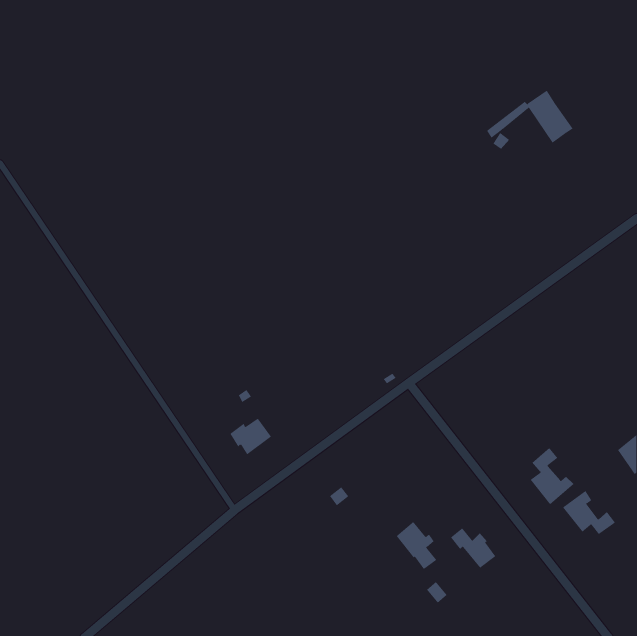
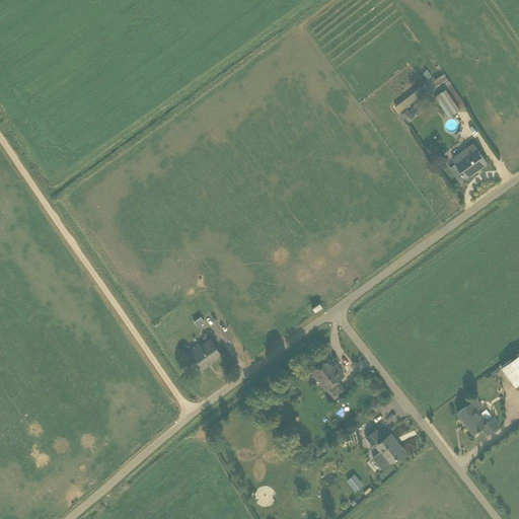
building: none -> [450,143,487,182]
building: [530,447,574,505] -> none
building: [396,521,437,570] -> [312,360,346,399]

